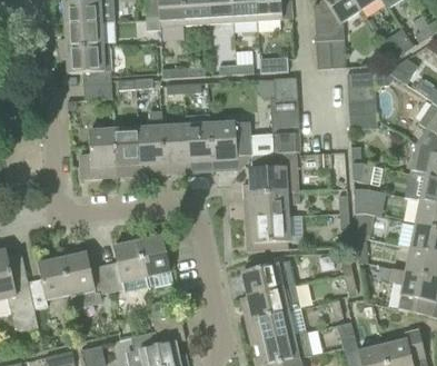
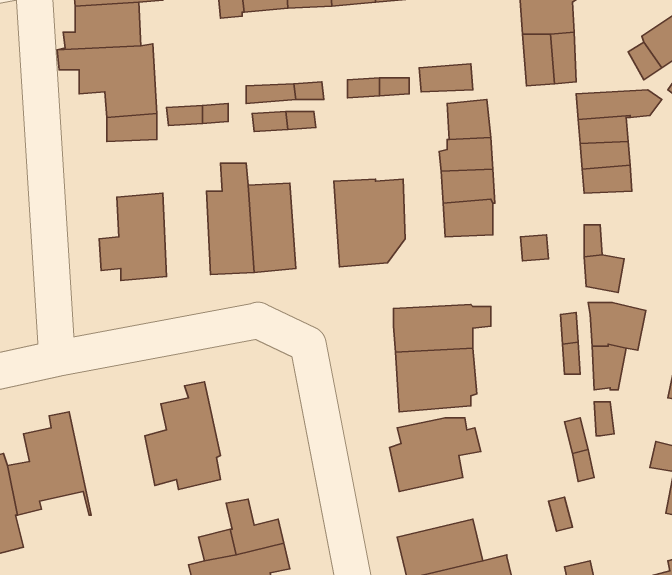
building: [186,115,213,171] -> none
building: [115,128,141,176] -> none
building: [244,155,297,194] -> none
building: [138,233,170,276] -> none
building: [62,246,110,309] -> none
building: [240,286,301,322] -> none

